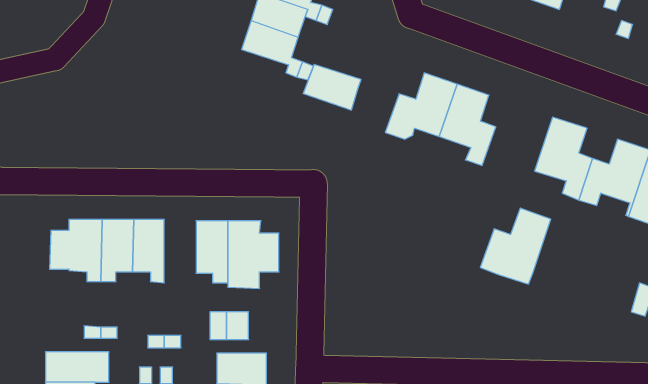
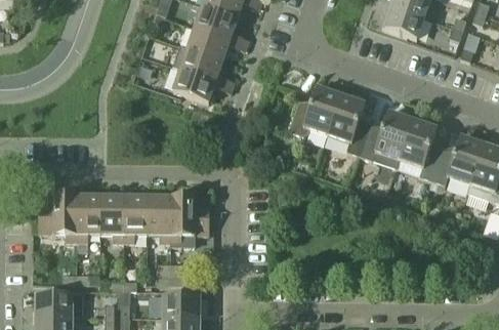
building: [303,64,361,110] -> [172,69,215,102]
building: [480,208,551,284] -> [359,111,411,167]
building: none -> [123,195,147,242]

